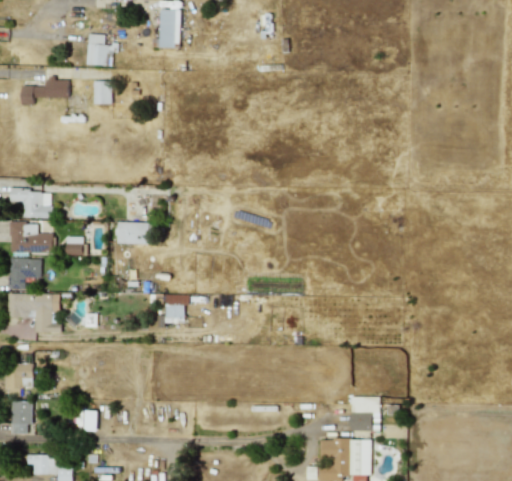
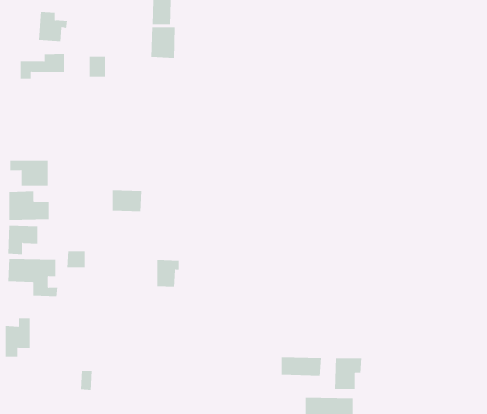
building: [87,34,118,66] -> [38,11,68,42]
building: none -> [151,26,175,59]
building: [65,236,85,254] -> [66,251,85,268]
building: none -> [281,356,321,376]
building: [12,401,33,434] -> none

